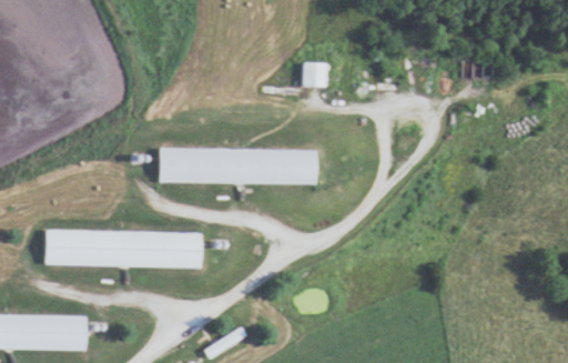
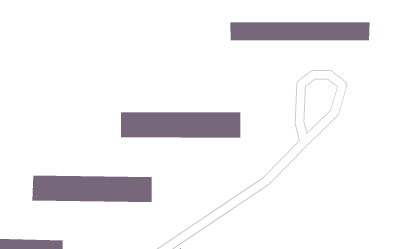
building: none -> [230,22,370,41]
building: [302,62,326,85] -> none

